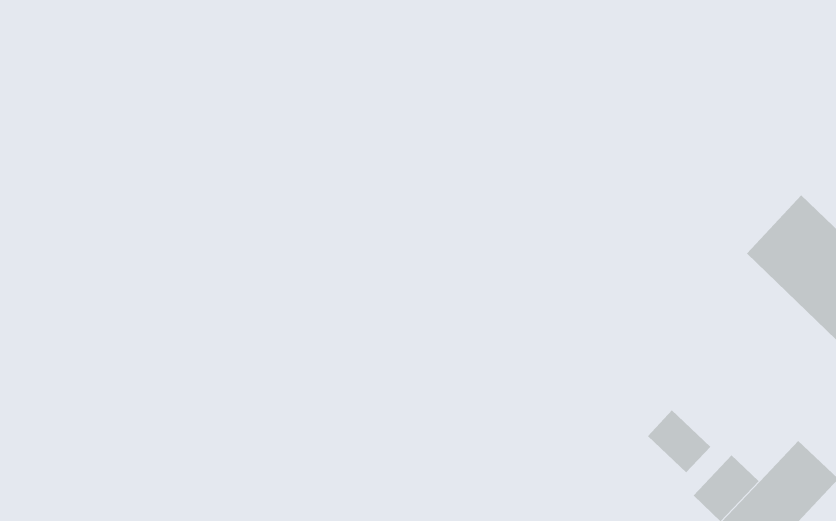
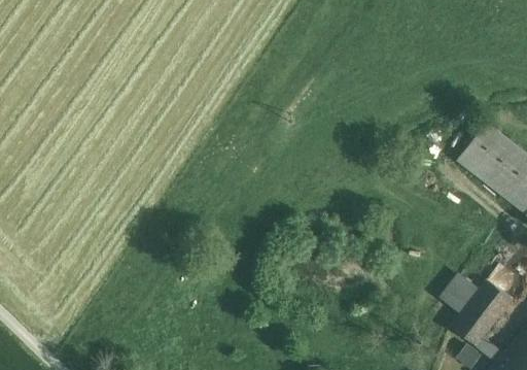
building: [647,410,711,473] -> none

